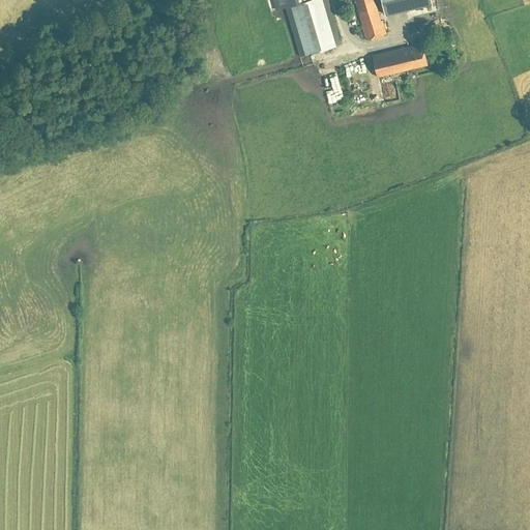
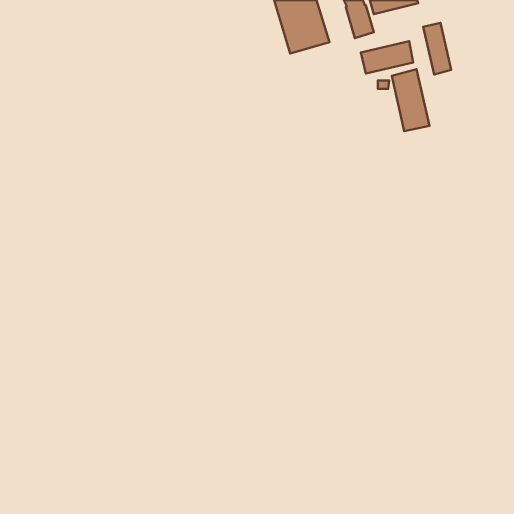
building: none -> [423,23,451,74]
building: none -> [392,69,429,131]

